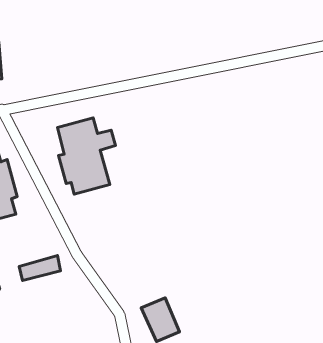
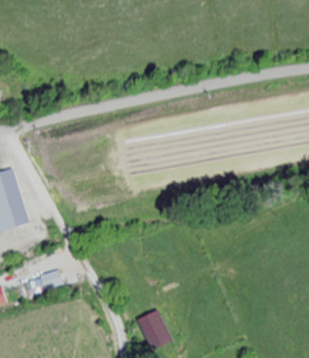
building: [57,118,115,194] -> none

